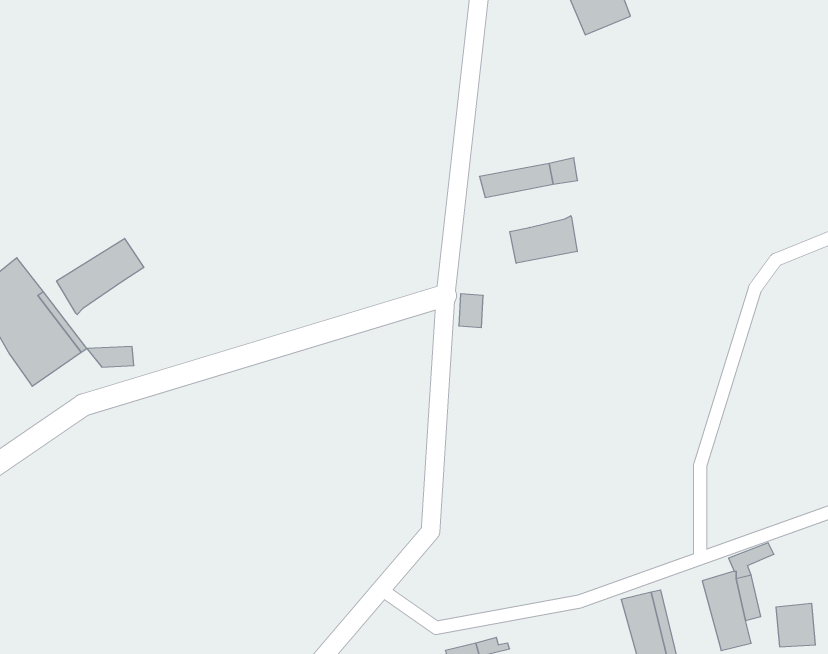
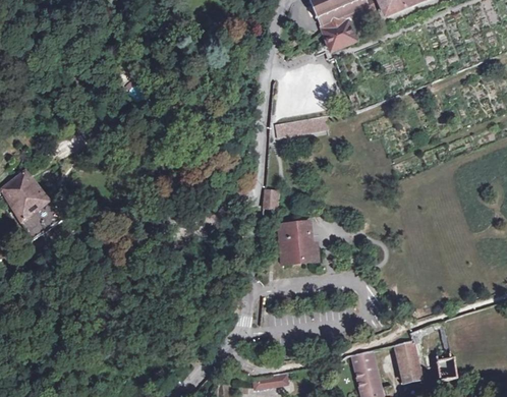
building: [510,216,577,263] -> none
building: [57,238,144,315] -> none
building: none -> [280,222,314,265]

